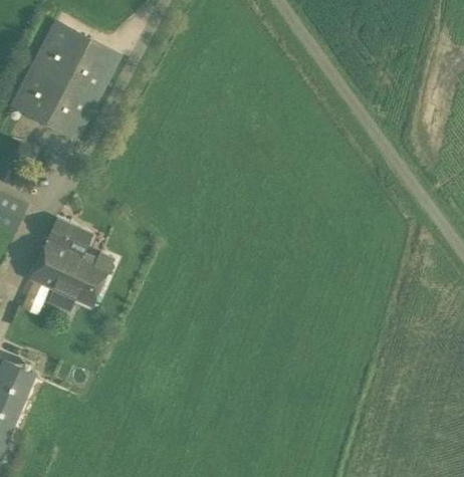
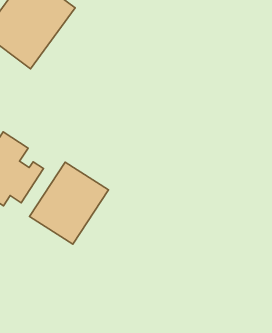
building: none -> [30,162,108,244]

